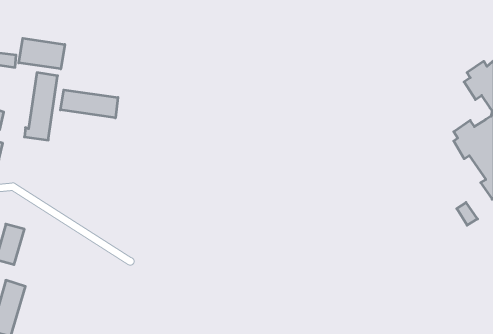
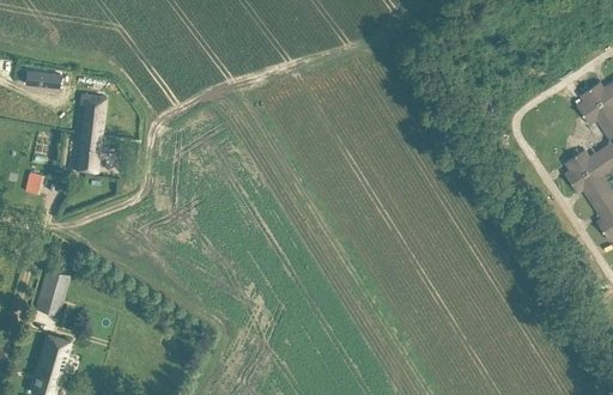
building: [19,38,65,69] -> none
building: [60,90,118,118] -> none

